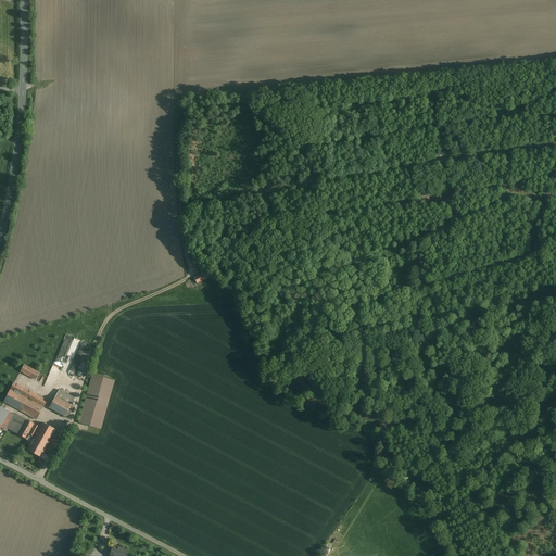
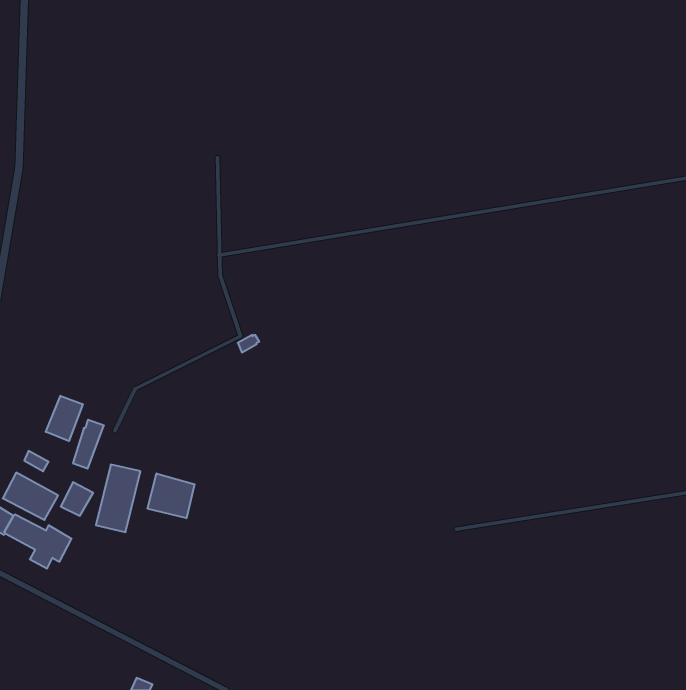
building: none -> [46,396,83,441]
building: none -> [148,473,195,518]

